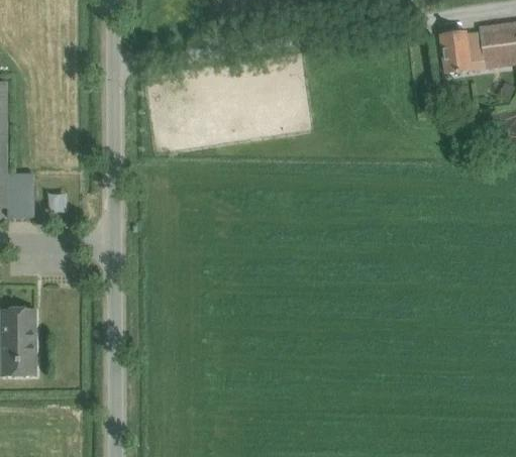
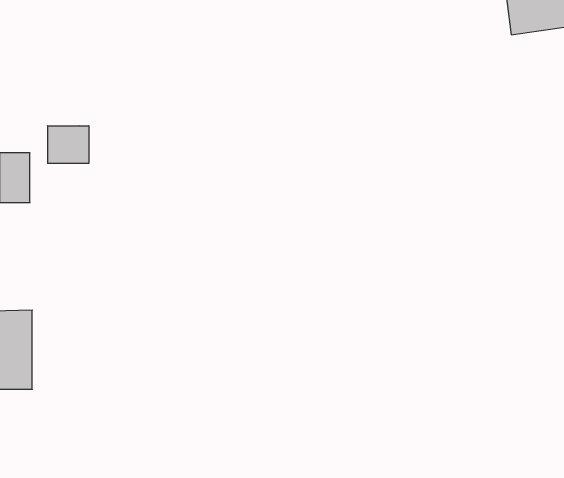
building: none -> [48,126,89,163]

